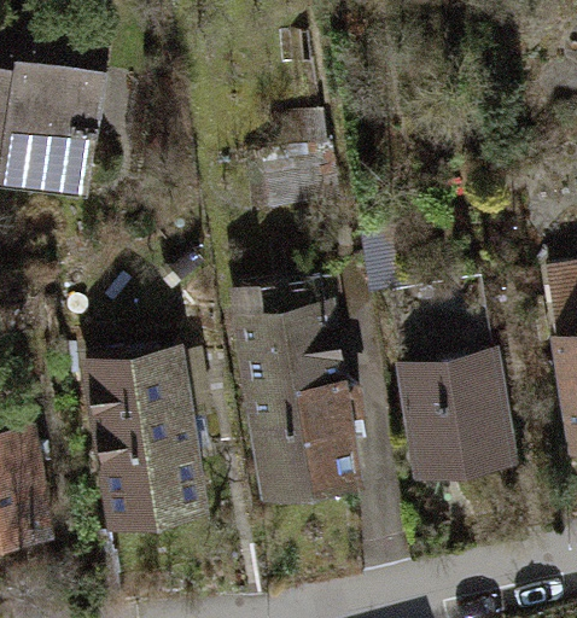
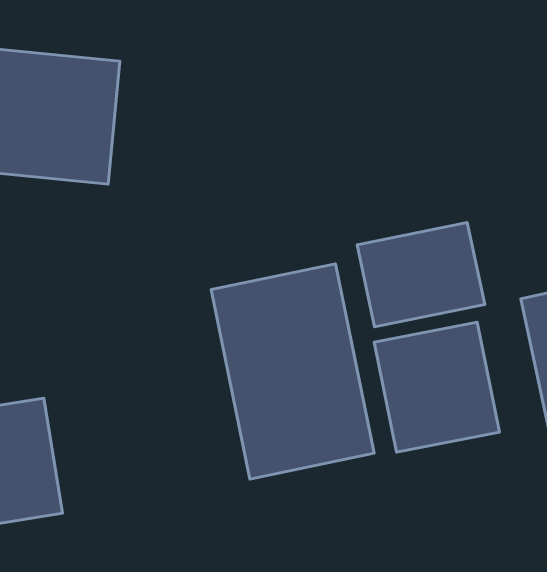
building: none -> [357,222,485,327]
building: [89,342,238,540] -> none

